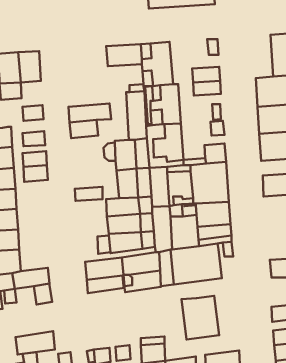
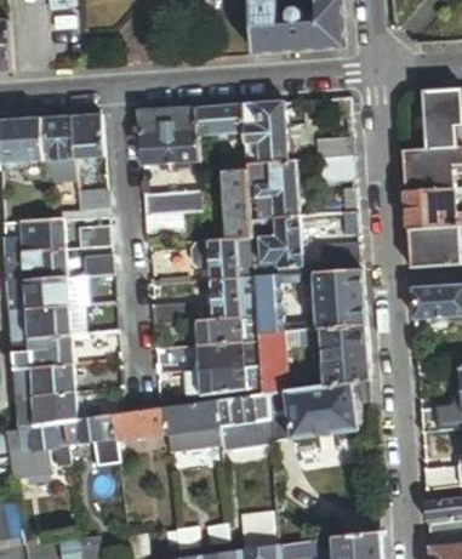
building: none -> [136,107,198,164]
building: [181,296,219,339] -> none
building: [16,331,55,355] -> [113,407,167,440]

